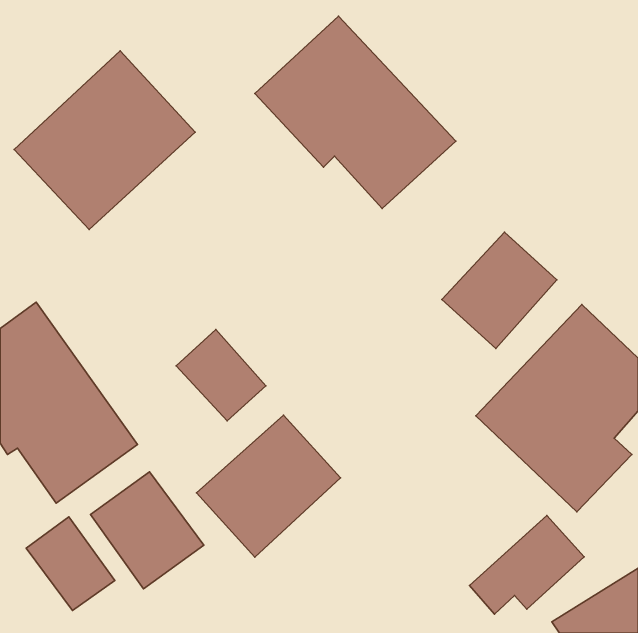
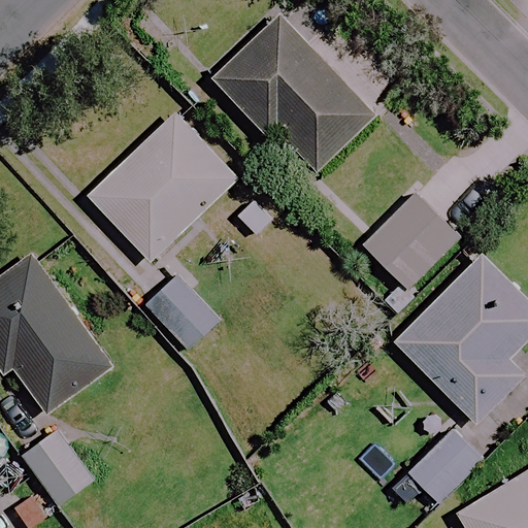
building: [14,51,195,229] -> [88,112,237,260]
building: [196,415,340,557] -> none
building: [91,472,204,589] -> none

